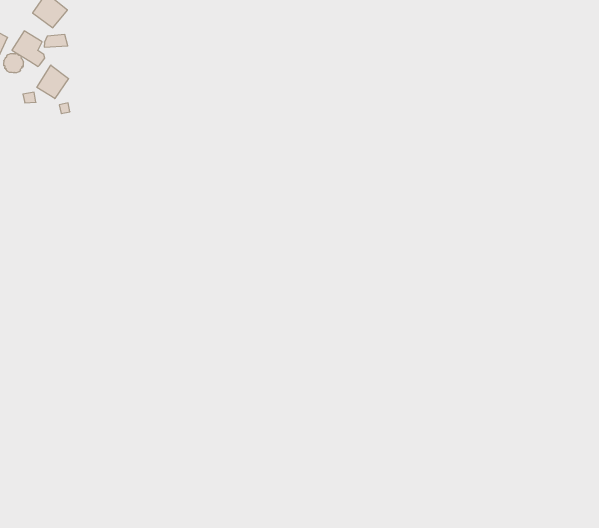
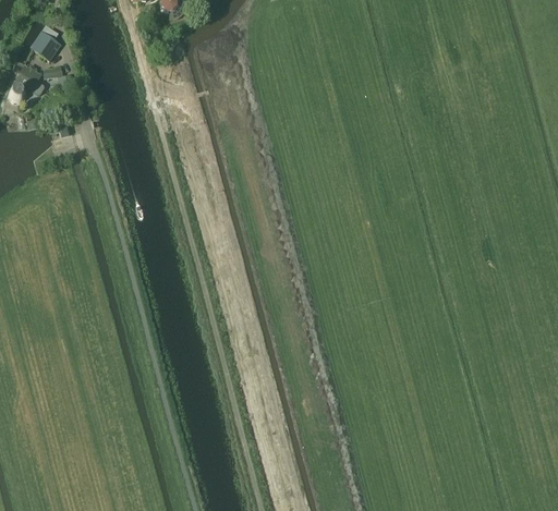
building: [37,65,69,99] -> none

